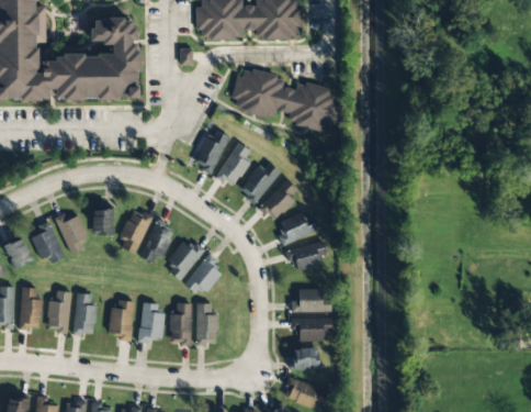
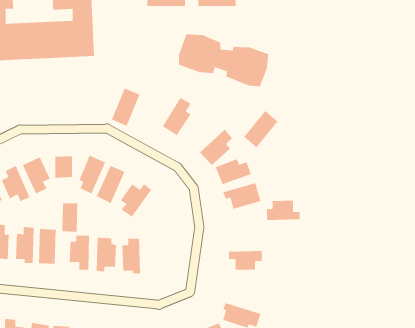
building: [195,127,229,172] -> [111,87,140,127]
building: [240,159,281,203] -> [243,110,279,148]
building: [184,253,223,293] -> none
building: none -> [62,203,78,232]
building: [292,288,331,312] -> [266,200,301,221]
building: [196,302,218,343] -> none
building: [290,348,319,369] -> none

